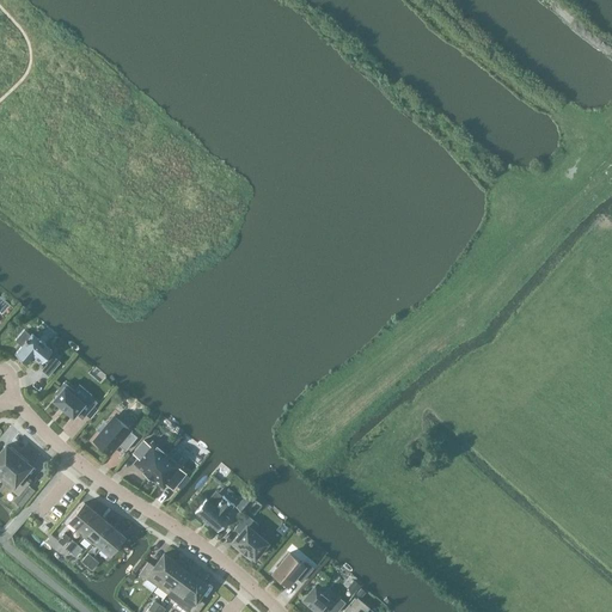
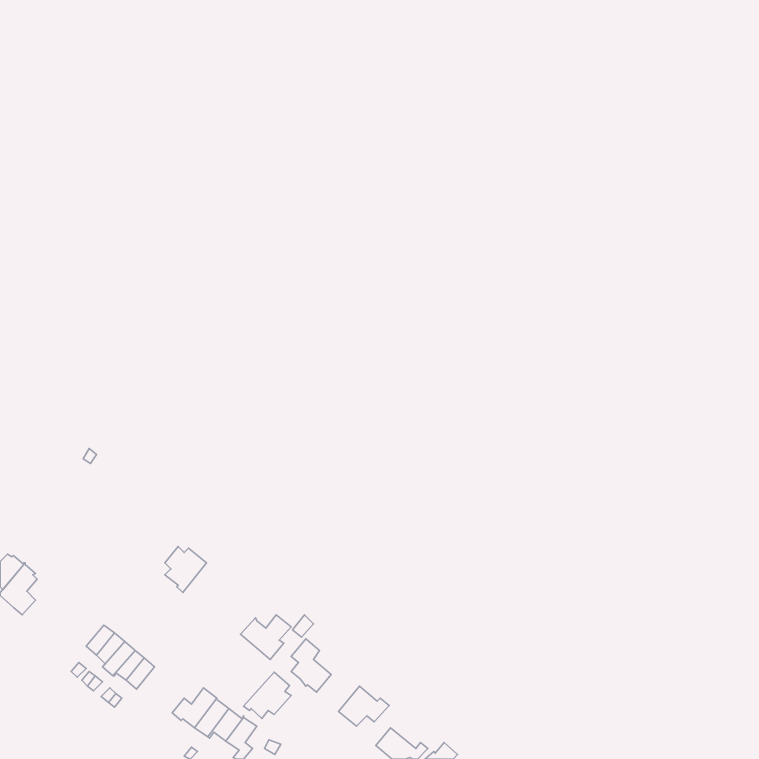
building: [14,333,60,375] -> none
building: [53,382,97,418] -> none
building: [93,416,137,454] -> none
building: [147,453,190,489] -> none
building: none -> [243,672,291,719]

